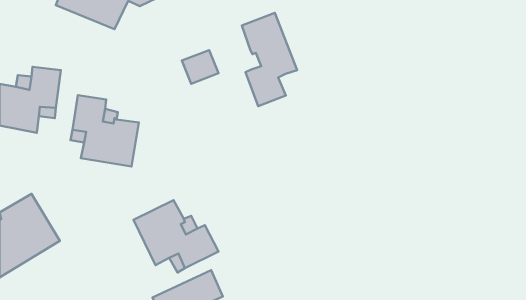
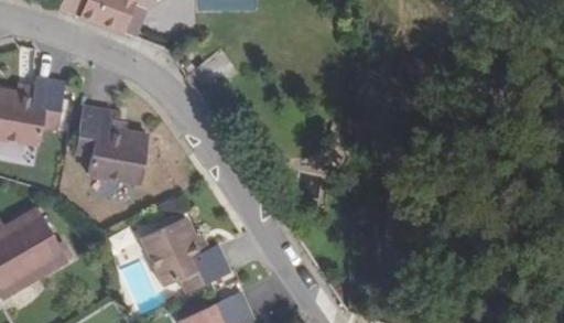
building: [242,13,297,106] -> none

